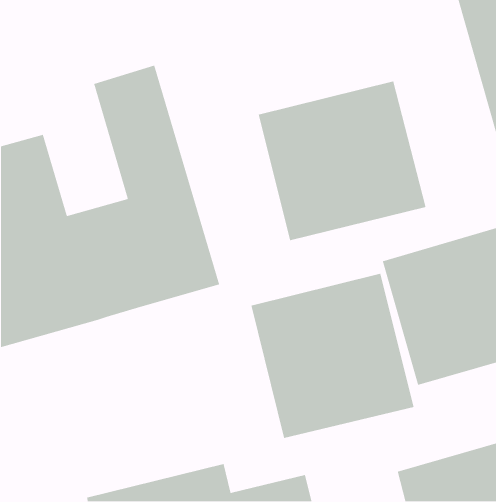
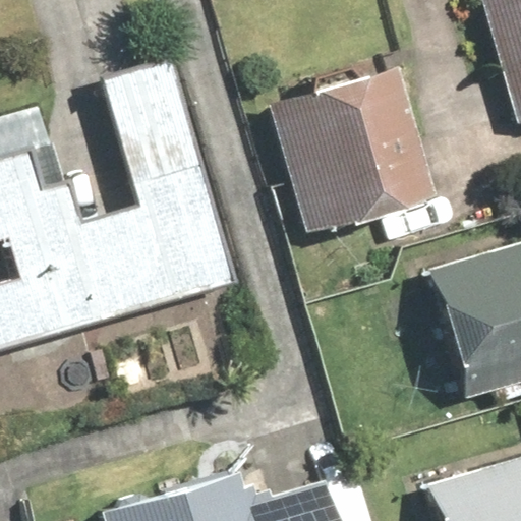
building: [250,273,415,439] -> none

